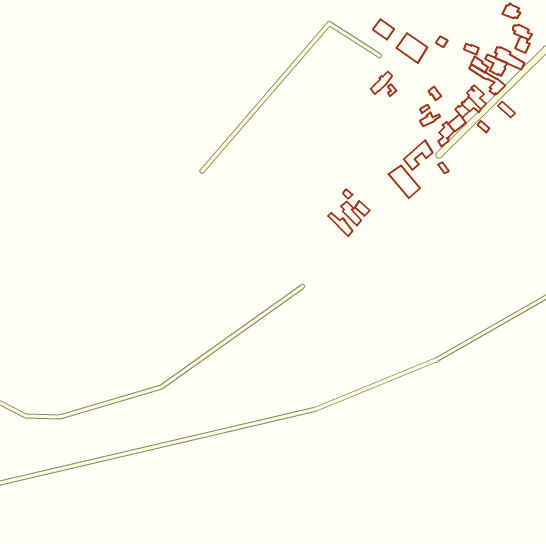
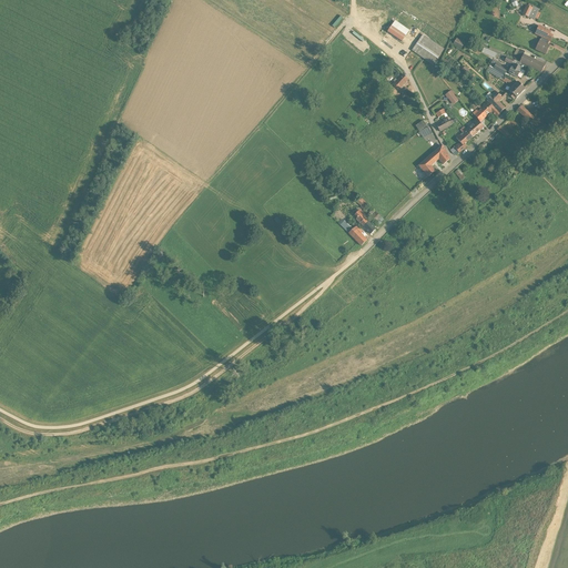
building: [388,165,420,198] -> none

